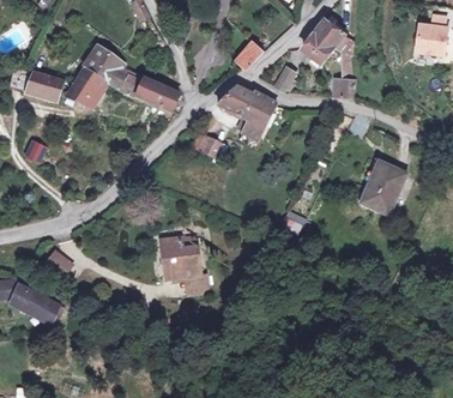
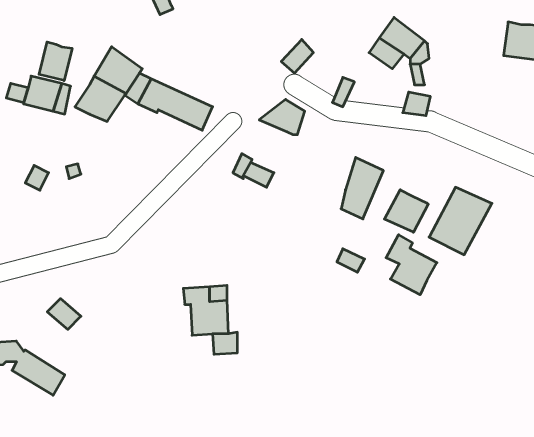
building: none -> [39,42,72,81]
building: [244,89,279,139] -> [341,157,383,219]
building: none -> [384,190,428,232]
building: none -> [386,235,437,295]

